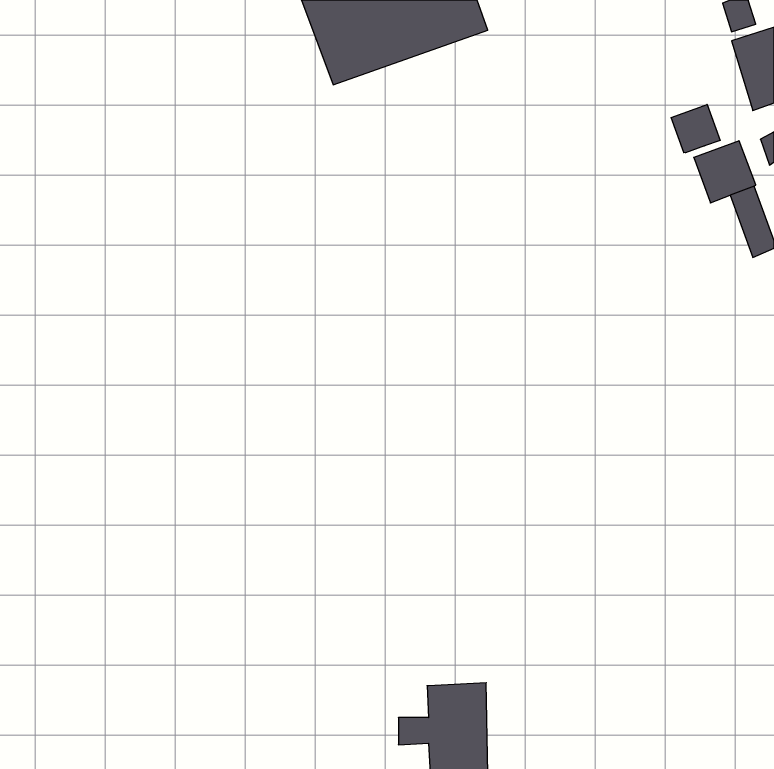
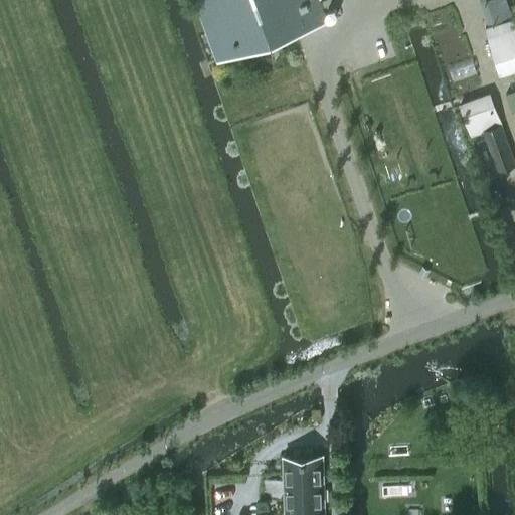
building: [671,104,720,153] -> none

